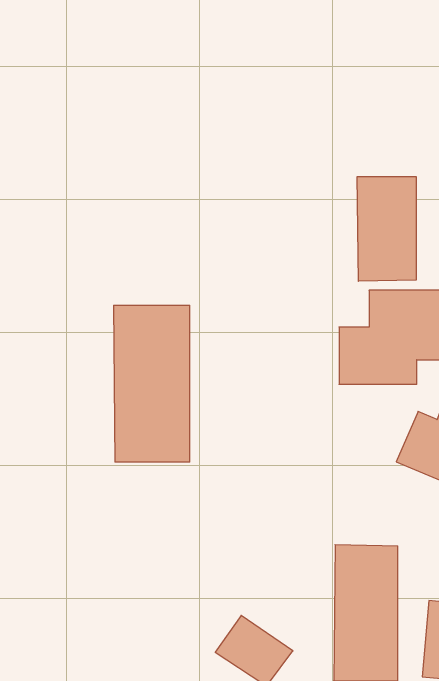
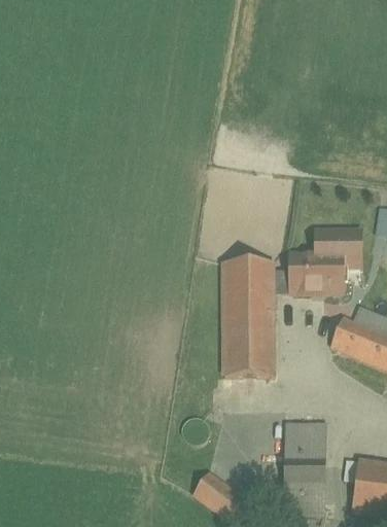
building: [357,177,416,281] -> none
building: [114,305,190,462] -> [219,260,277,379]

